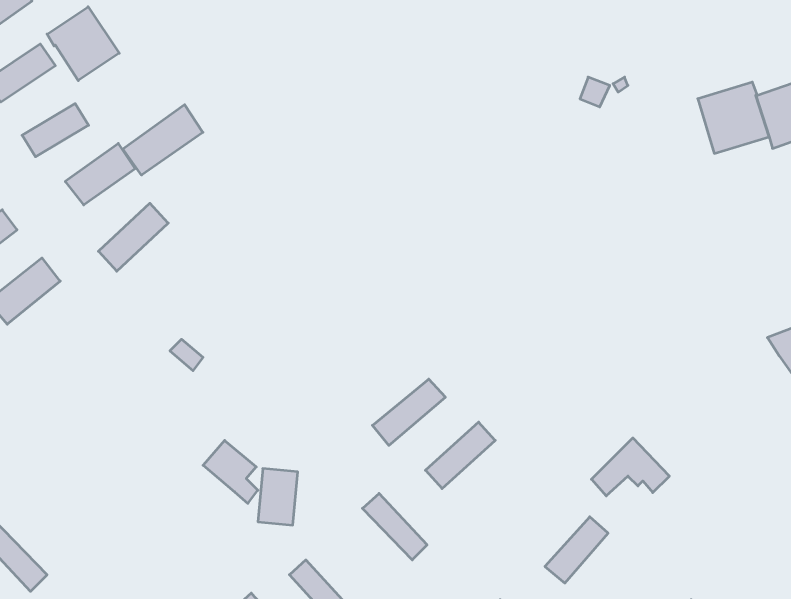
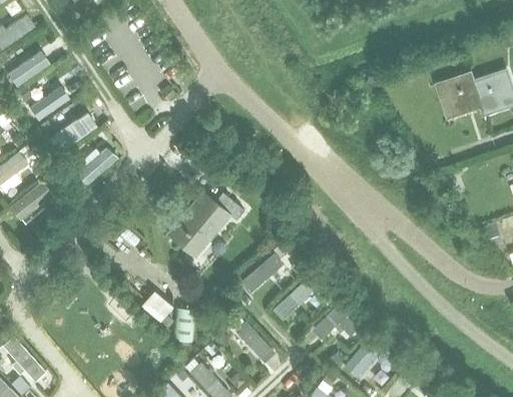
building: [47,7,119,81] -> none
building: [123,105,203,175] -> none
building: none -> [166,191,243,258]
building: [591,438,669,496] -> [313,304,360,339]

